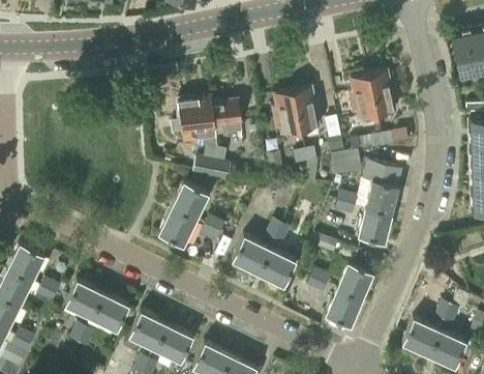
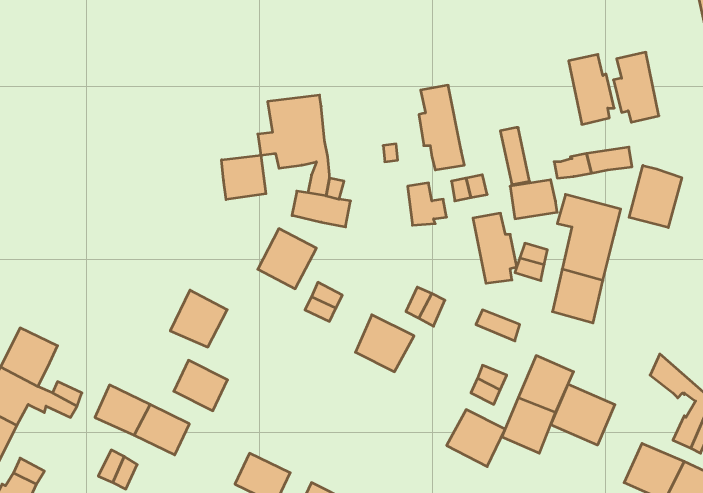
building: [349,76,377,120] -> [613,52,659,122]
building: [293,88,321,133] -> [473,213,517,283]
building: [212,100,243,137] -> none
building: none -> [222,155,266,200]
building: none -> [629,165,682,228]
building: [159,208,195,244] -> [170,290,227,347]
building: [259,251,296,287] -> [447,410,505,467]
building: none -> [551,384,615,445]
building: [132,313,167,345] -> [174,360,228,411]

